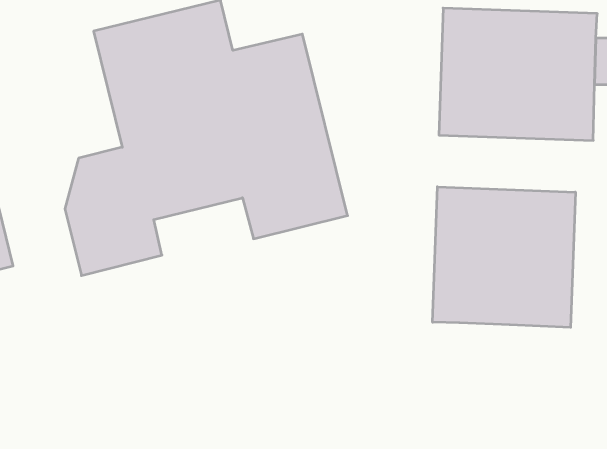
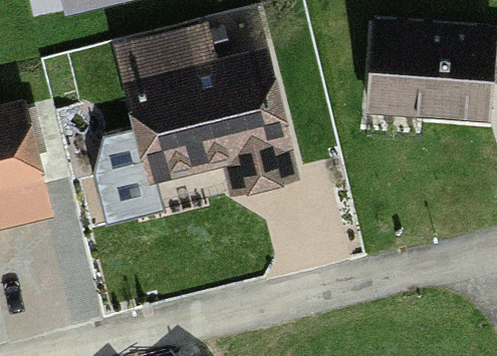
building: [433,187,575,327] -> none

